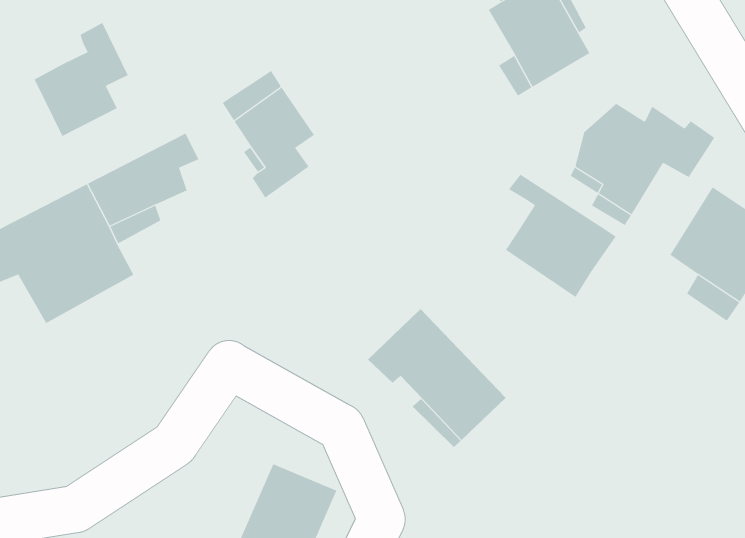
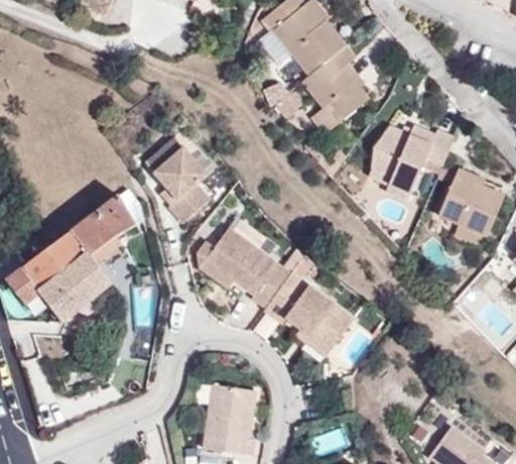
building: [34,22,128,137] -> none
building: [505,174,616,298] -> none
building: none -> [201,229,289,309]

